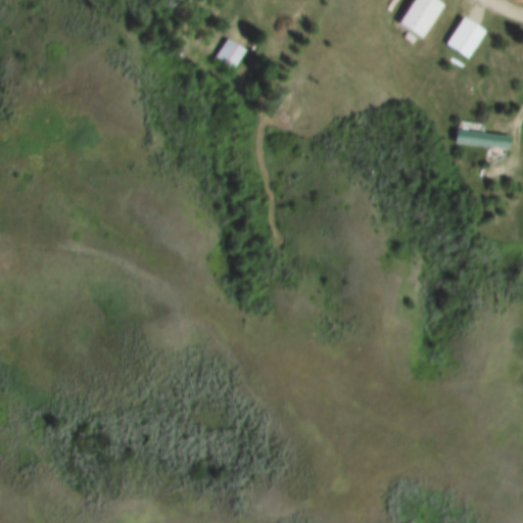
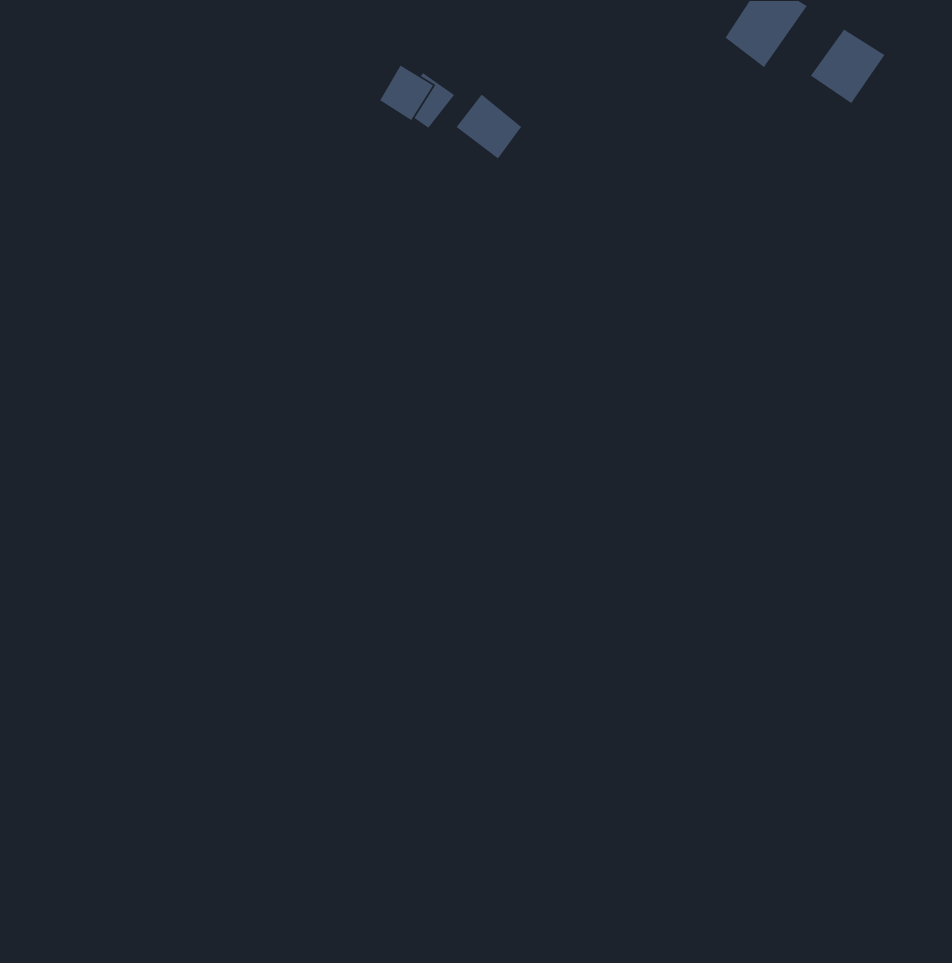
building: none -> [455,94,522,160]
building: [456,122,510,150] -> none

